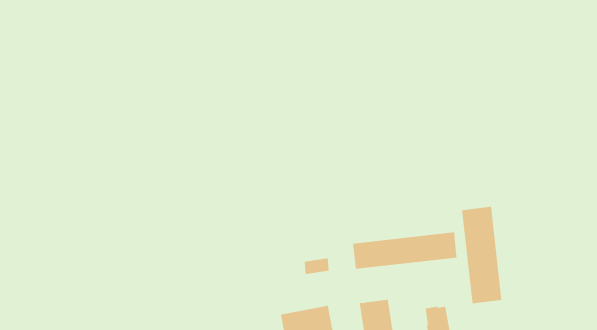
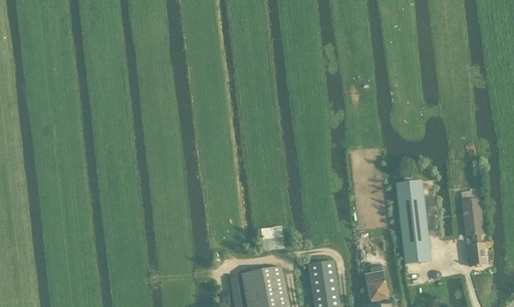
building: none -> [460,188,485,265]
building: [353,232,457,269] -> none

